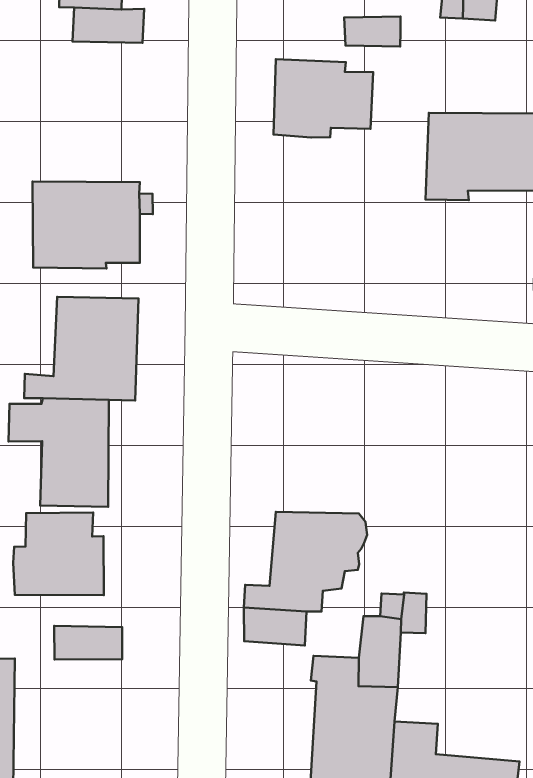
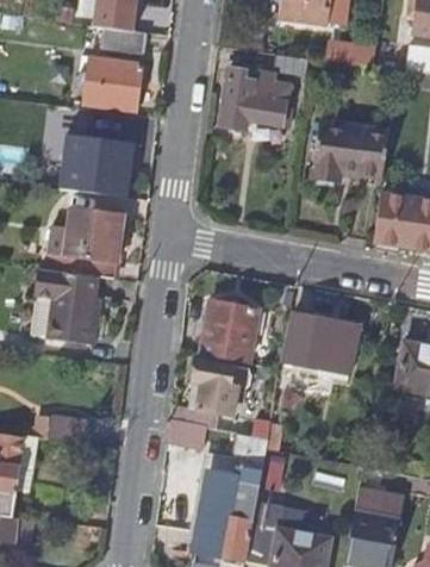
building: none -> [85,57,144,112]
building: none -> [199,299,258,361]
building: none -> [286,313,360,381]
building: [13,513,104,595] -> none

